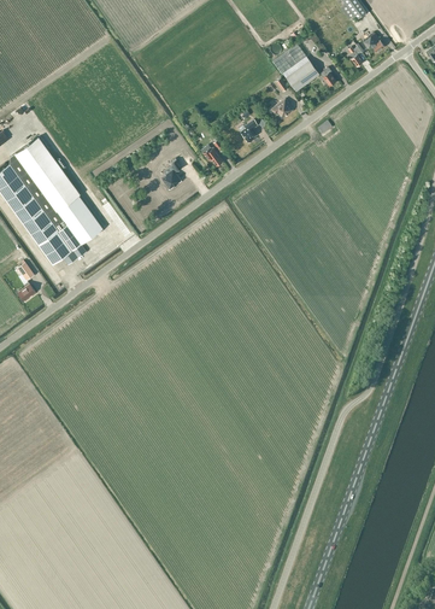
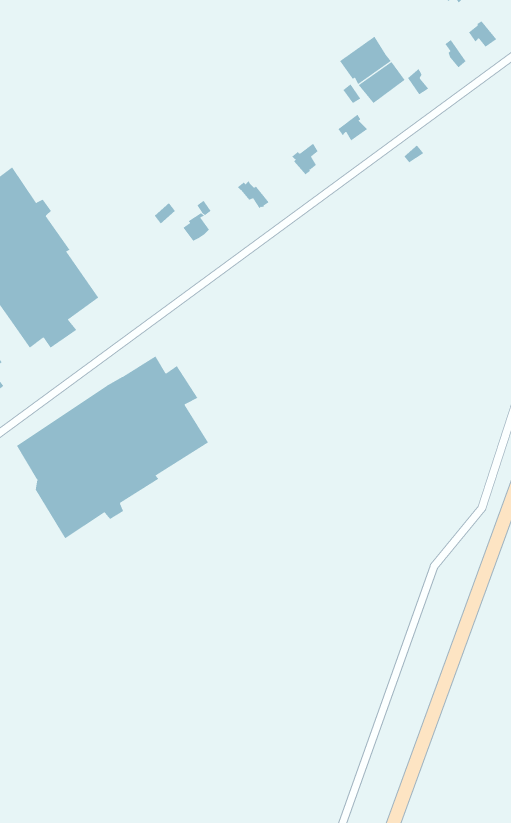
building: none -> [16,355,209,539]

